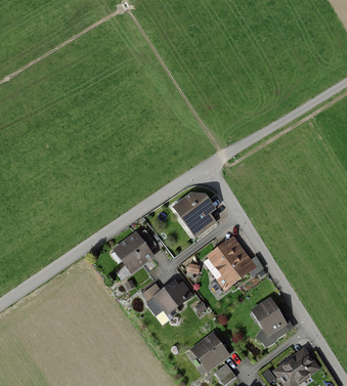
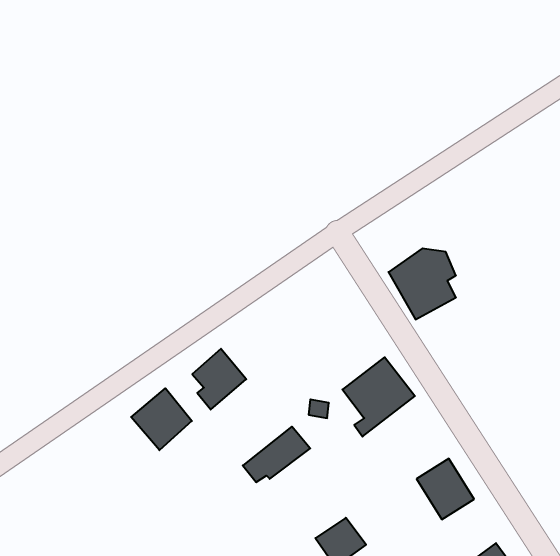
building: [177,195,218,238] -> [388,248,456,319]
building: none -> [131,388,192,450]

